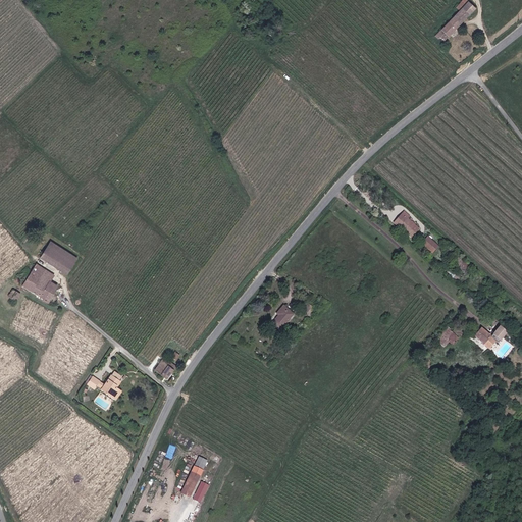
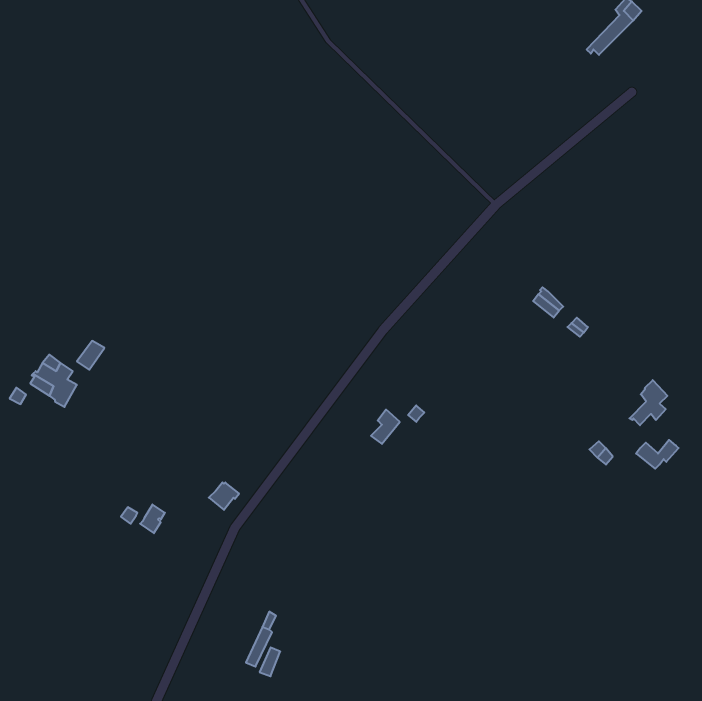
building: [41,242,68,268] -> none
building: none -> [629,380,667,425]

